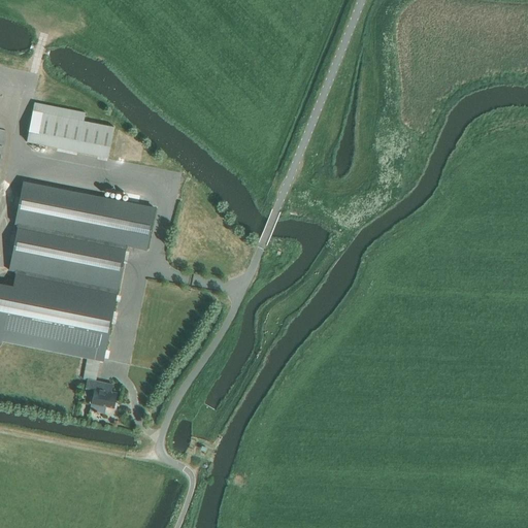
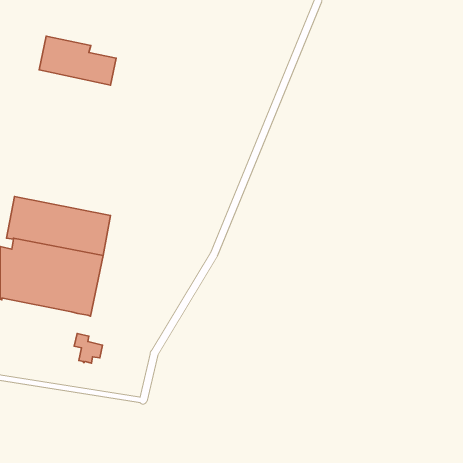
building: [26,102,113,158] -> [39,36,116,85]
building: [14,183,155,250] -> none

